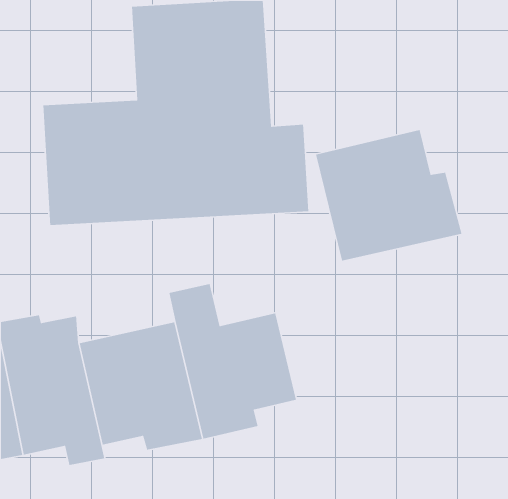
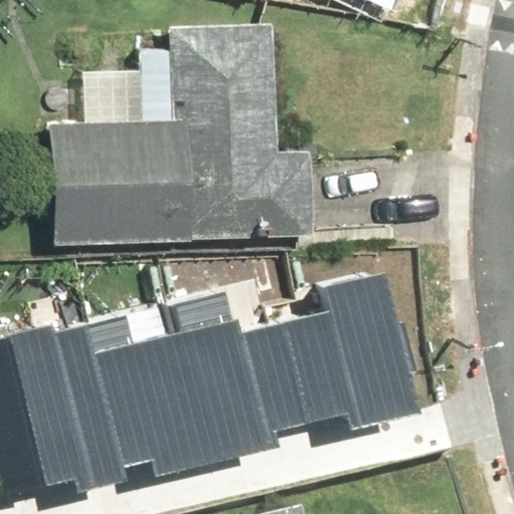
building: [315,129,463,262] -> none
building: none -> [282,275,414,424]

